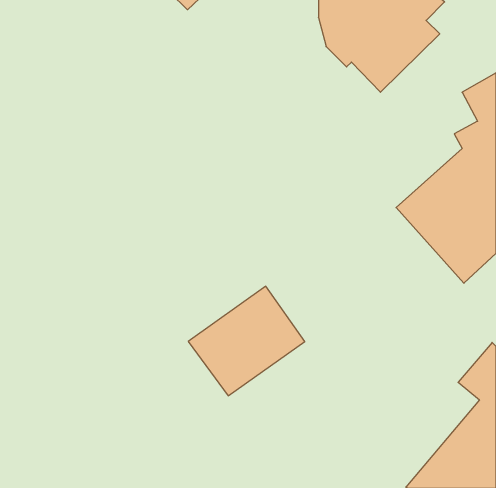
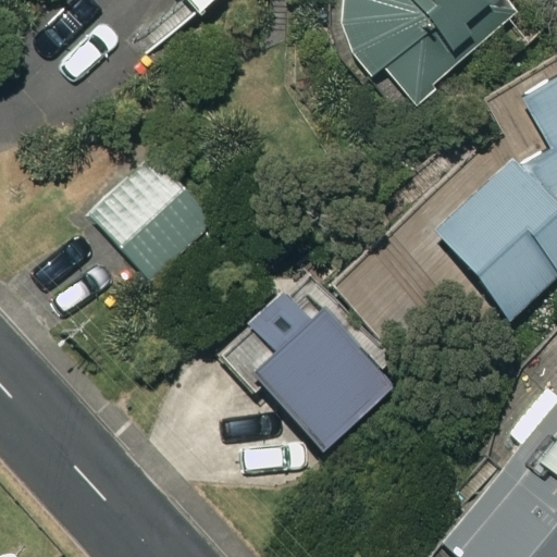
building: none -> [92,151,220,277]

